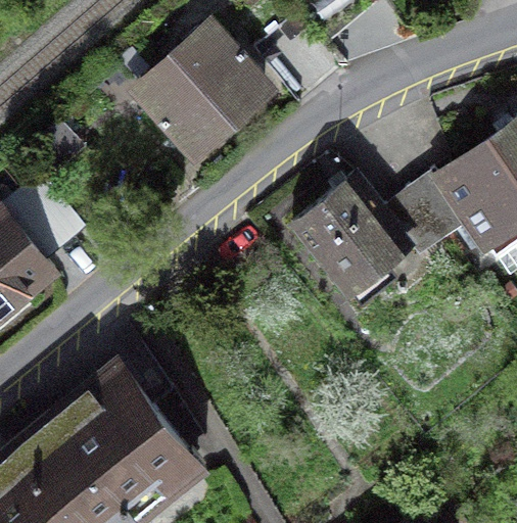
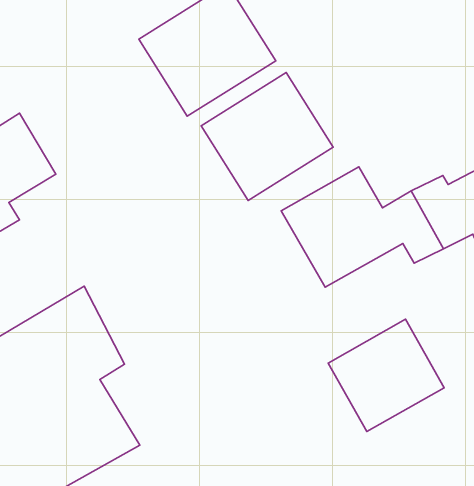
building: none -> [201,72,333,200]
building: none -> [328,319,444,432]

